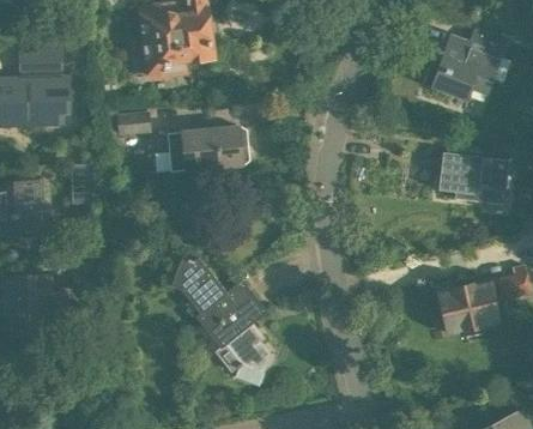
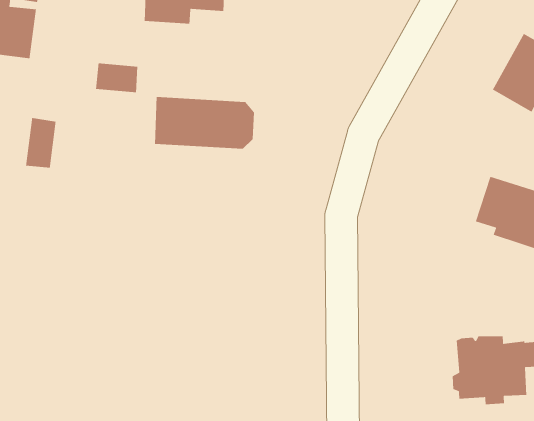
building: [170,256,271,374] -> none

